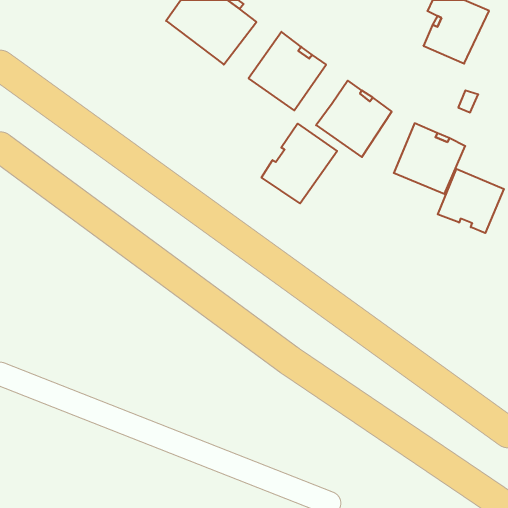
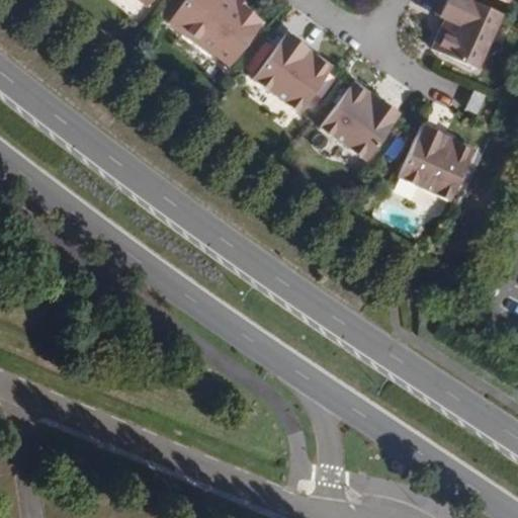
building: [262,124,337,203] -> none
building: [438,169,504,233] -> none

